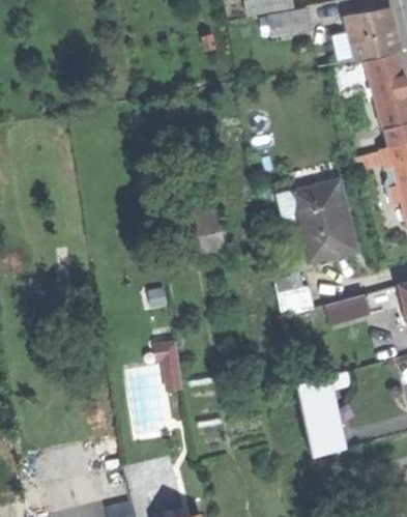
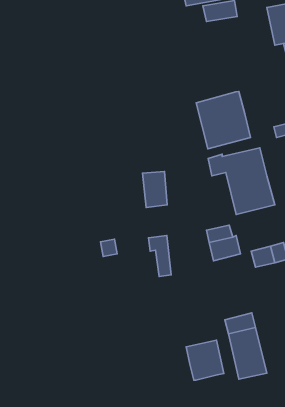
building: none -> [196,92,251,149]
building: [156,339,183,387] -> [149,235,171,277]
building: none -> [186,340,224,380]

